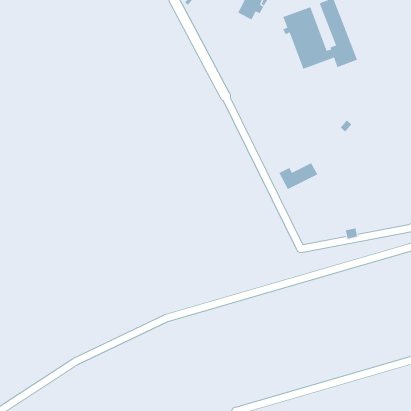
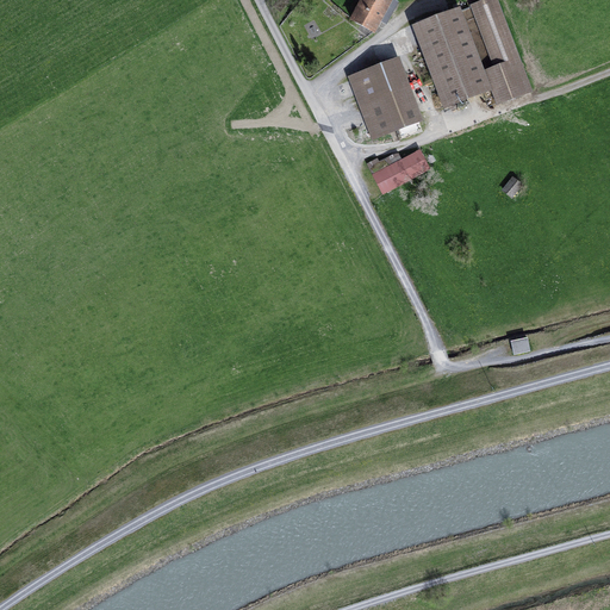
building: none -> [349,60,416,135]
building: [279,162,318,190] -> [368,150,427,191]

